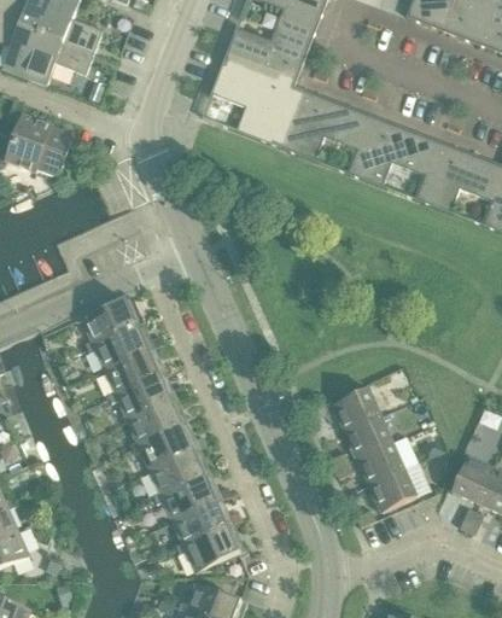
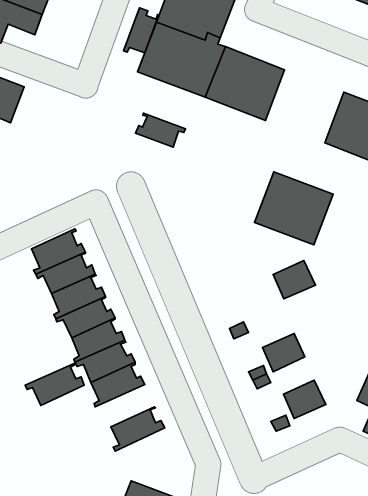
building: none -> [124,8,158,53]
building: [348,113,437,197] -> [255,172,333,245]
building: none -> [136,113,185,147]
building: [332,386,380,430] -> [273,261,316,299]
building: [356,441,403,483] -> none
building: [153,472,221,520] -> [25,363,84,405]
building: [176,521,245,571] -> none

